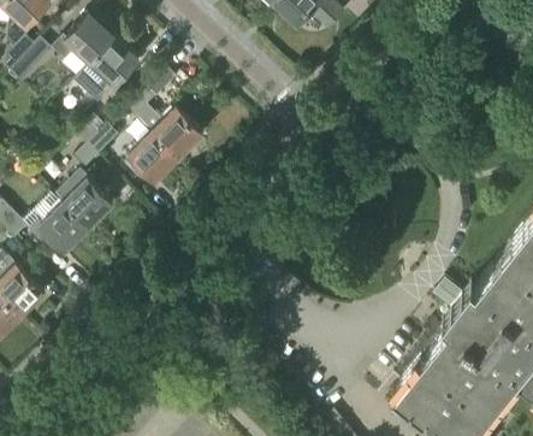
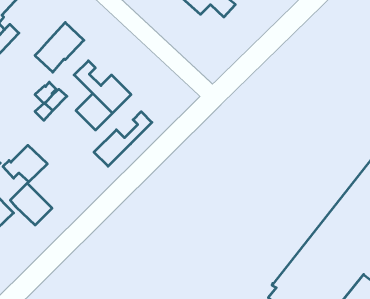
building: [55,16,116,76] -> none
building: none -> [94,112,152,166]
building: [58,172,114,229] -> [10,183,52,225]

